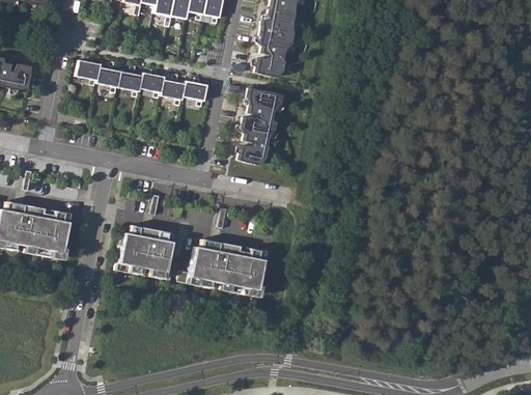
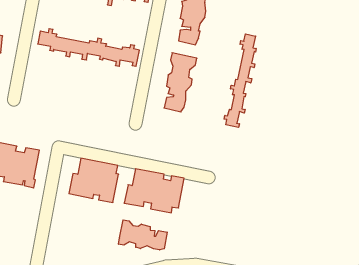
building: none -> [224,34,256,127]
building: none -> [119,220,167,250]

